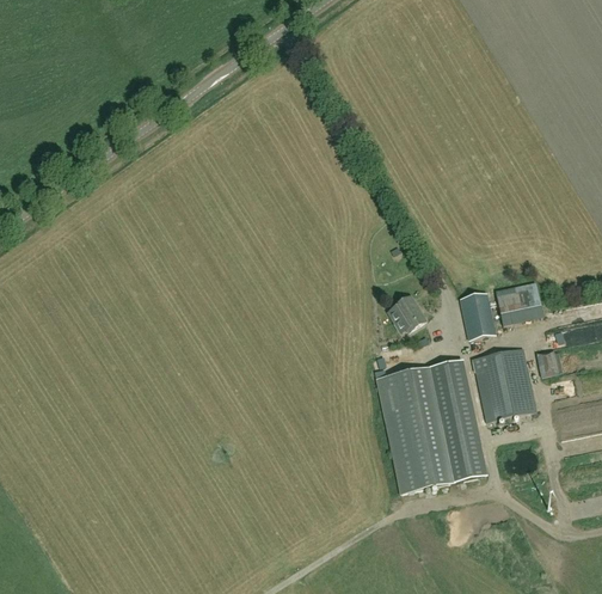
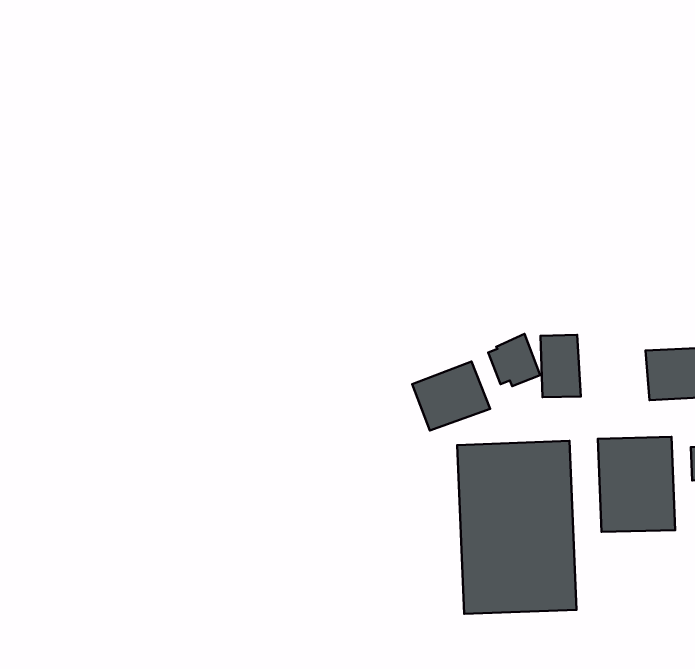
building: [461,292,496,338] -> [540,335,581,397]
building: none -> [412,361,490,431]

